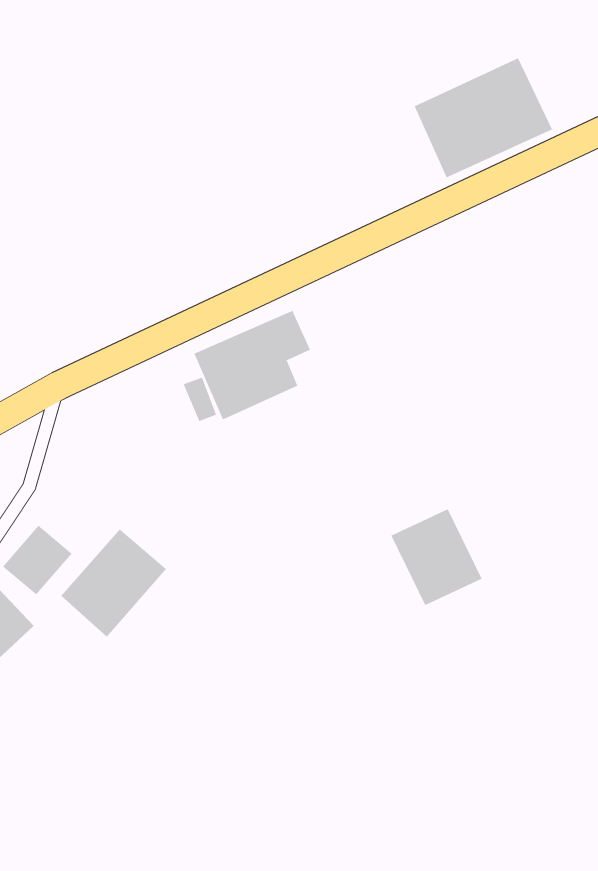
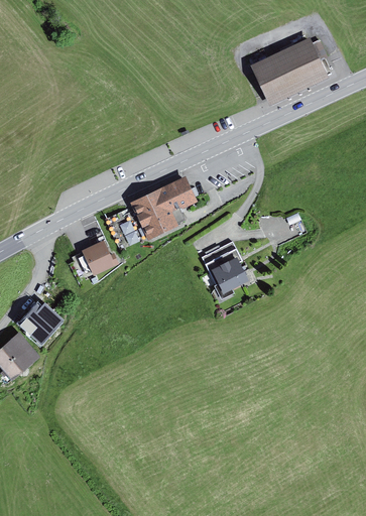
building: none -> [79,236,114,271]
building: [390,508,483,606] -> [203,240,254,294]
building: [60,528,167,637] -> none

